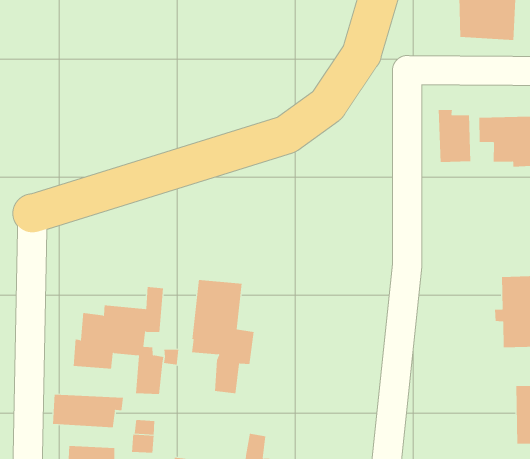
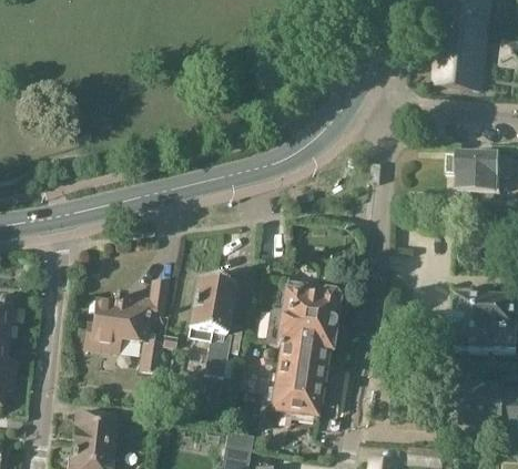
building: [438,109,471,163] -> none
building: none -> [267,279,342,418]
building: [53,394,123,428] -> none

